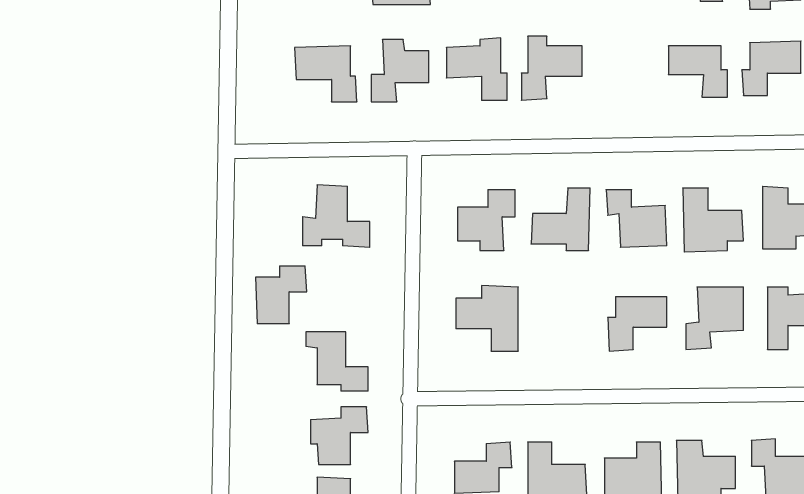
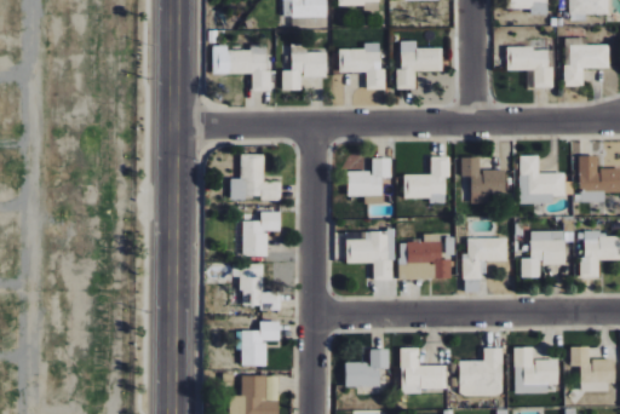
building: [256,266,307,324] -> [242,212,281,255]
building: none -> [398,234,450,280]

